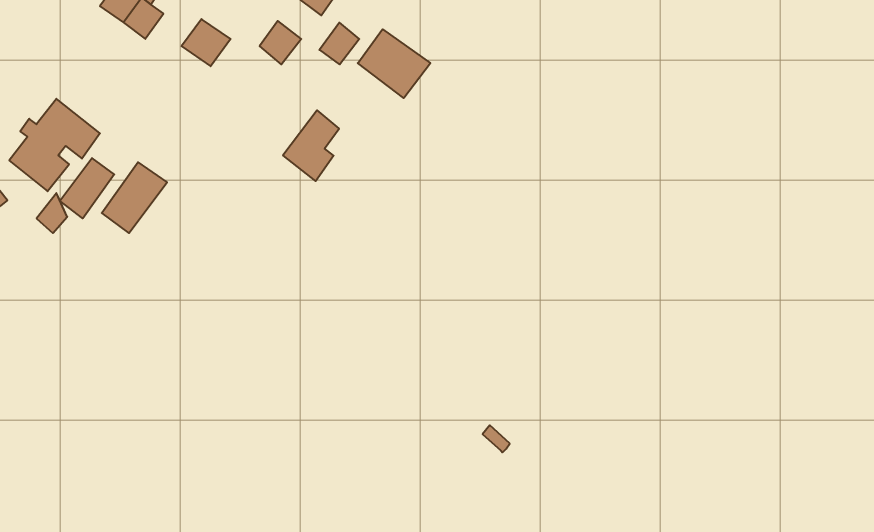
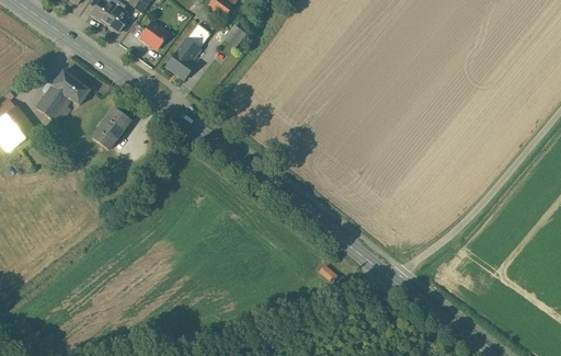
building: [358,29,430,98] -> none
building: [283,110,339,181] -> [165,37,199,80]
building: [60,158,114,218] -> none

